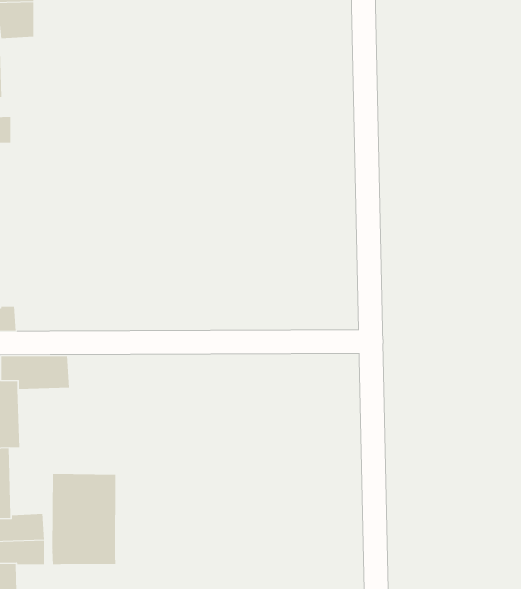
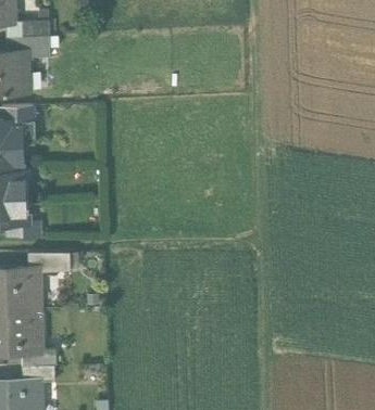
building: [52,473,116,565] -> none

